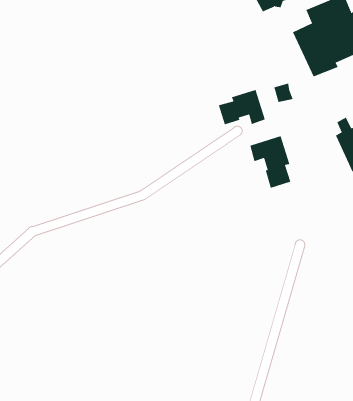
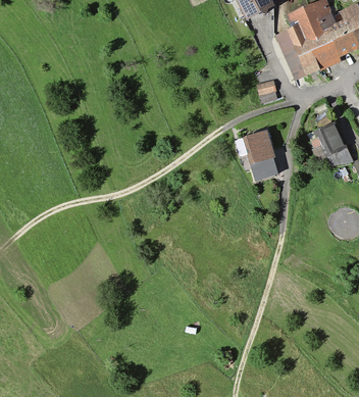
building: [218,89,265,125] -> none

